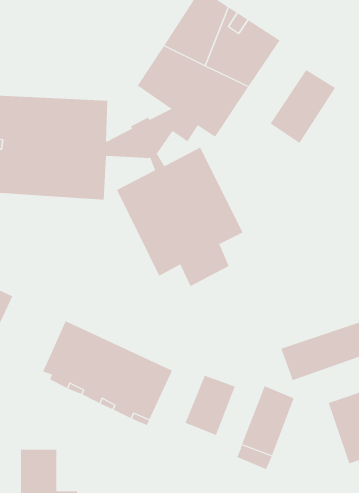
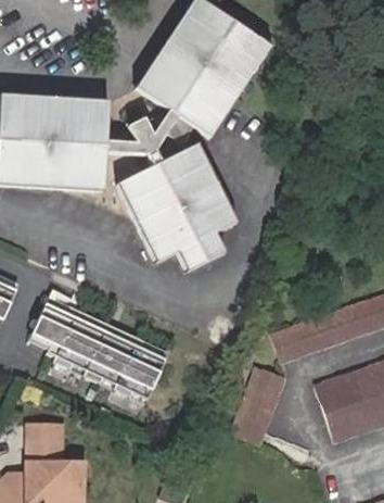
building: [270,69,336,144] -> none
building: none -> [30,288,85,349]
building: [185,375,236,436] -> none

